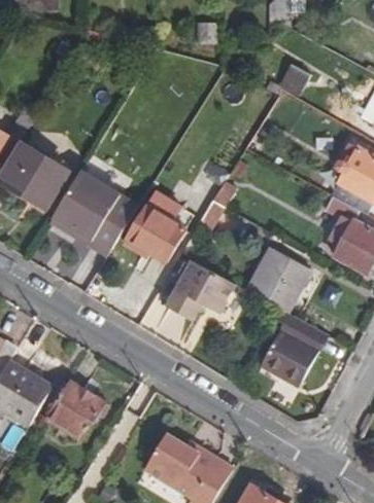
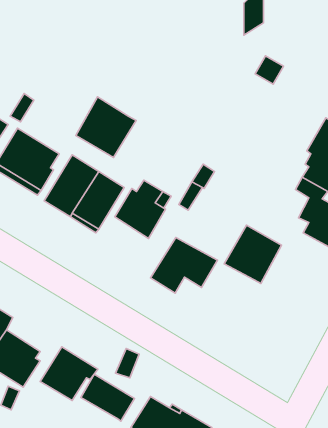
building: none -> [76,97,136,157]
building: [261,307,328,384] -> none
building: none -> [81,374,135,421]

